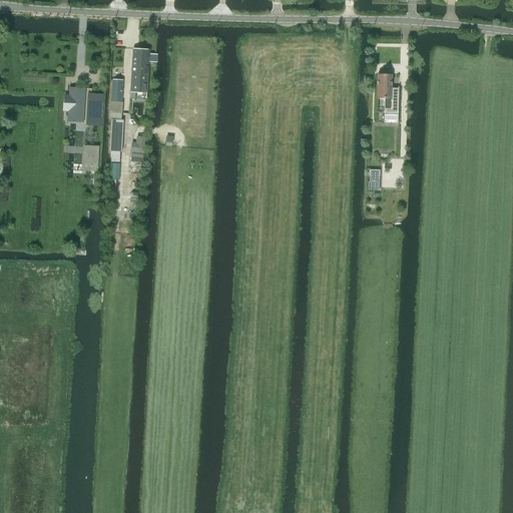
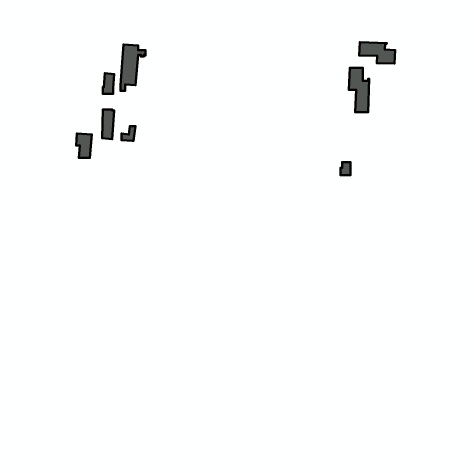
building: none -> [359,42,395,63]
building: [63,86,104,125] -> none

